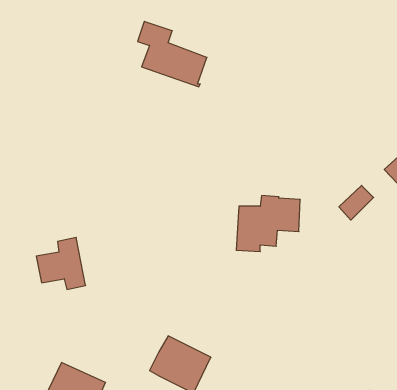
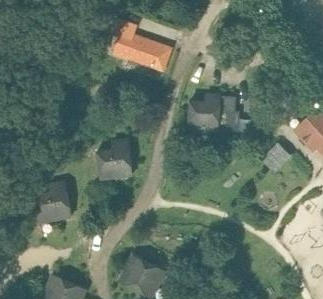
building: none -> [96,141,132,179]
building: [236,196,300,252] -> [188,95,236,137]

